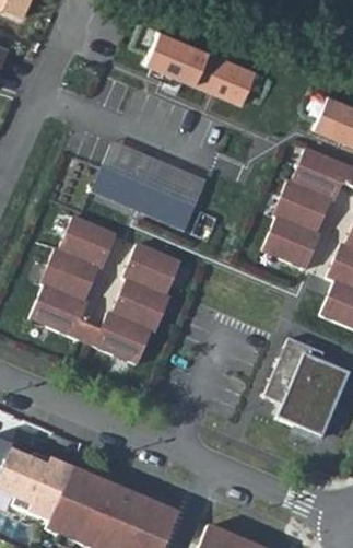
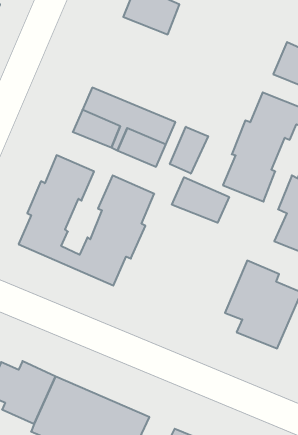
building: [198,47,259,102] -> none
building: none -> [170,127,208,174]
building: none -> [172,177,229,223]

